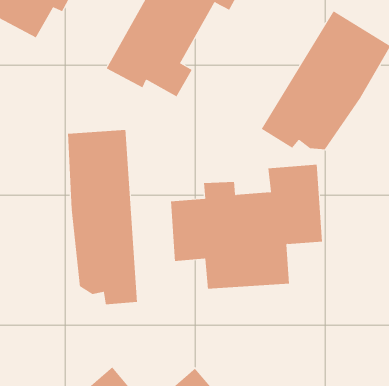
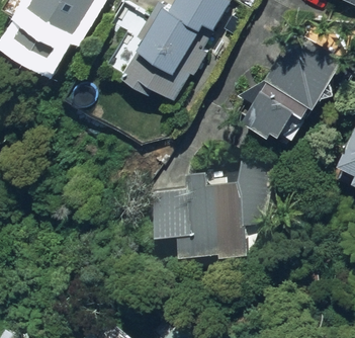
building: [67,129,138,305] -> none

